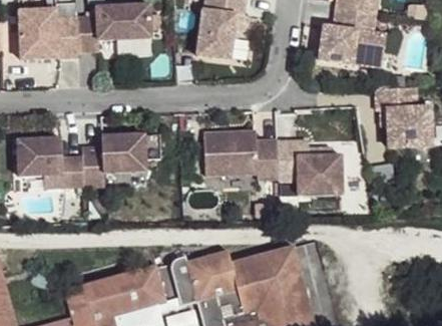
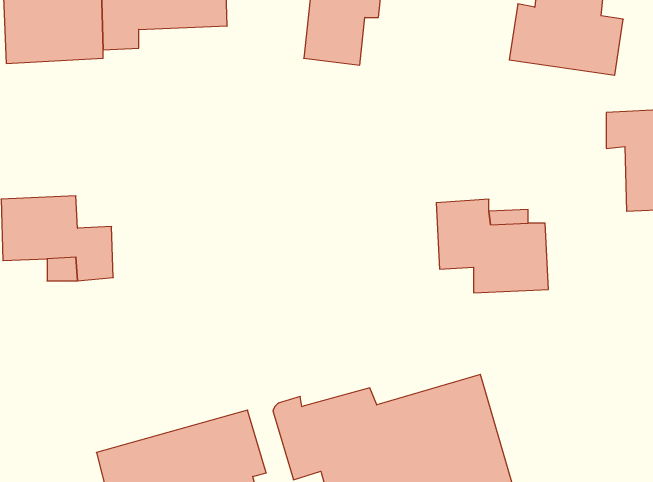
building: [200,130,276,180] -> none
building: [81,132,160,186] -> none

